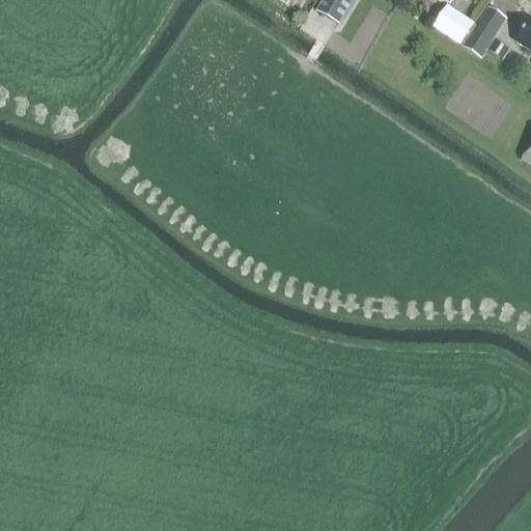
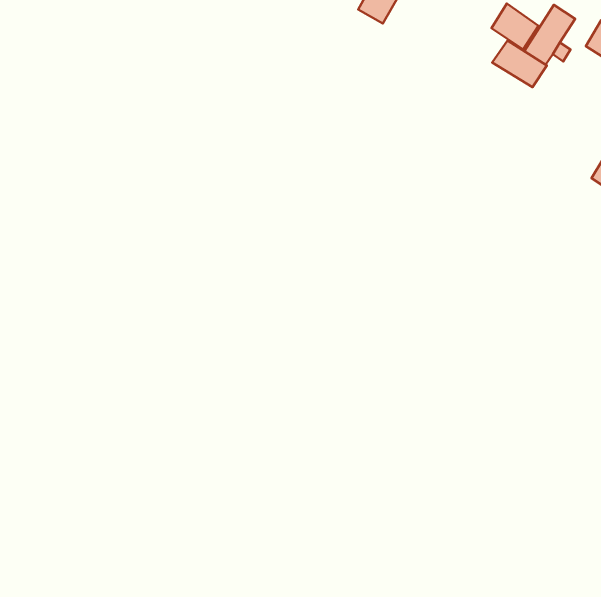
building: none -> [492,40,547,87]

